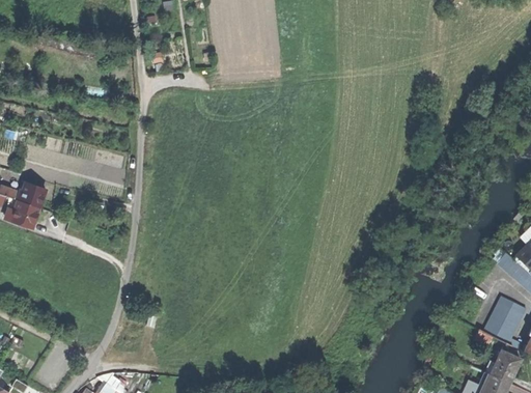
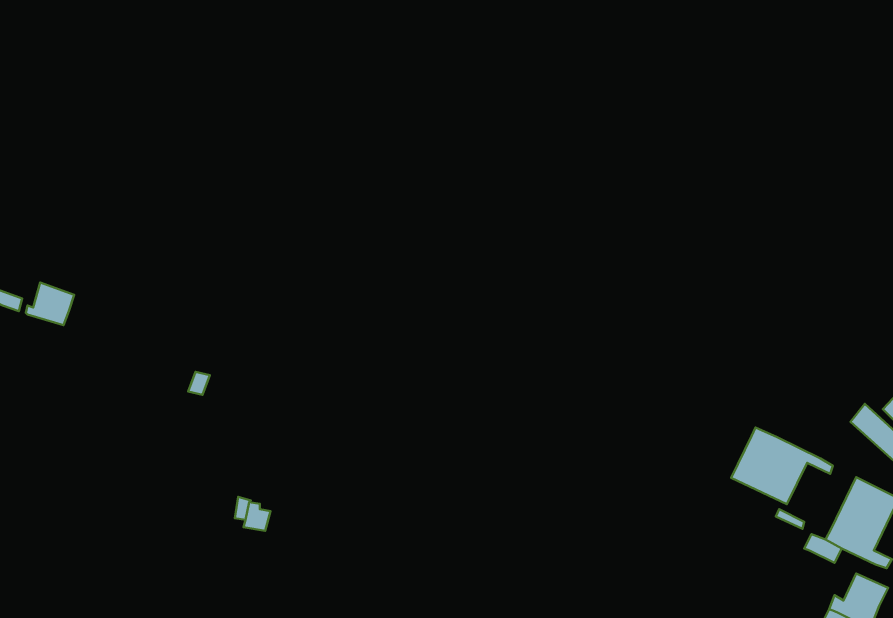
building: [12,201,40,228] -> none
building: none -> [731,428,833,504]

